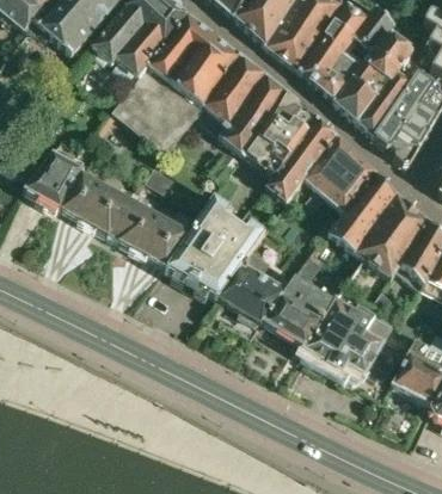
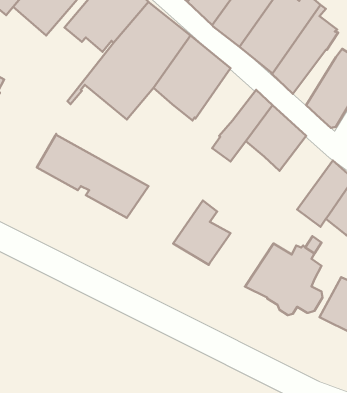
building: [360,72,410,136] -> none
building: [246,93,317,172] -> none
building: [24,149,85,209] -> none
building: [327,172,406,258] -> none
building: [166,194,266,297] -> none
building: [263,273,337,346] -> none

